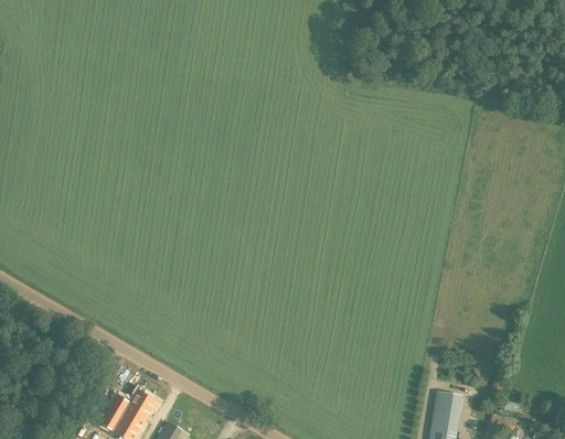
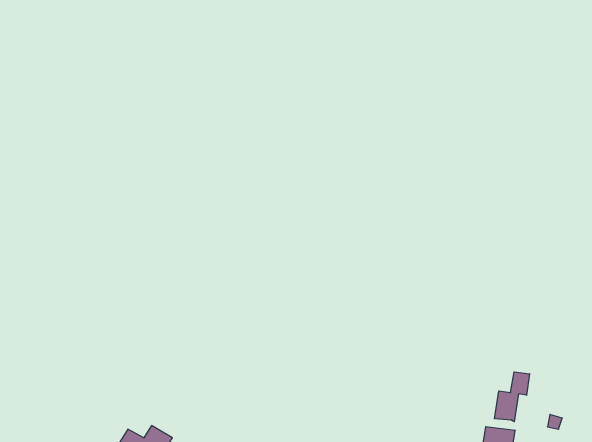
building: none -> [495,372,530,422]

